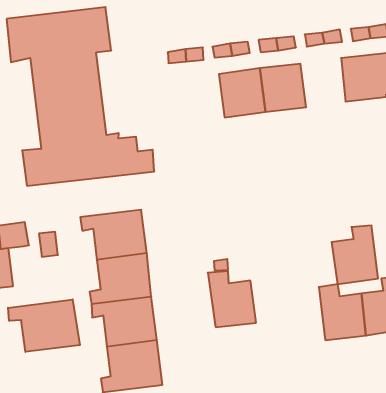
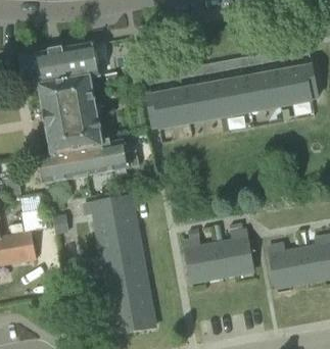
building: none -> [245,71,281,110]
building: none -> [147,89,190,127]
building: [332,226,378,284] -> [217,230,253,276]
building: [8,299,80,352] -> none

